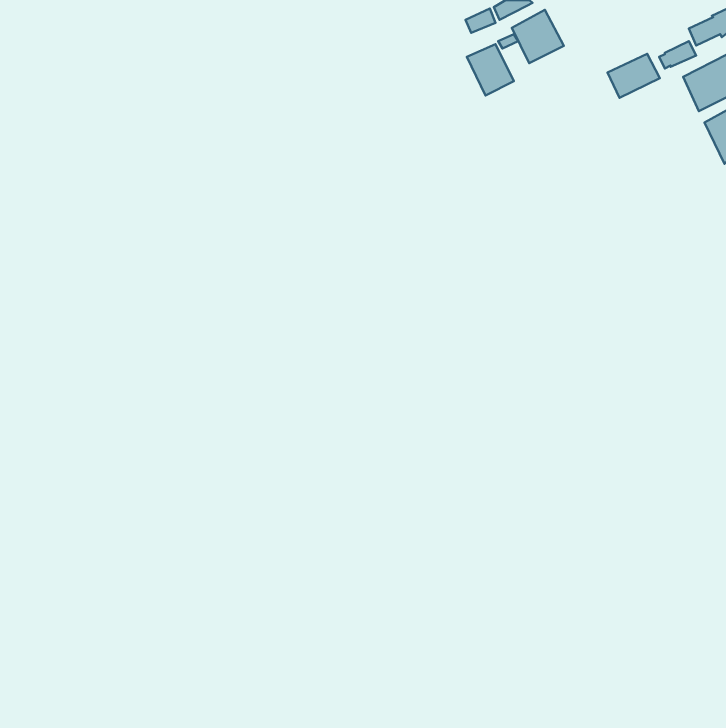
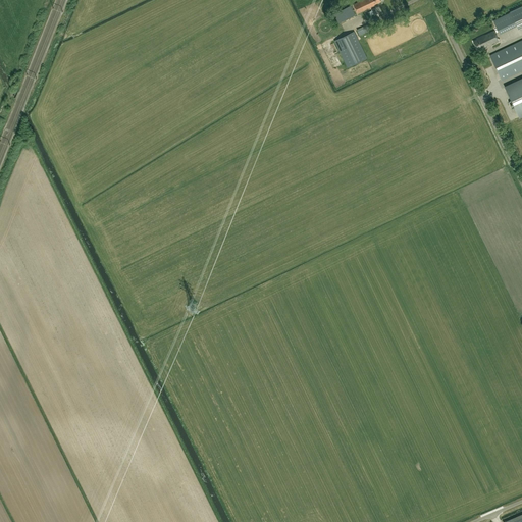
building: [512,10,564,63] -> none
building: [608,54,660,98] -> none

